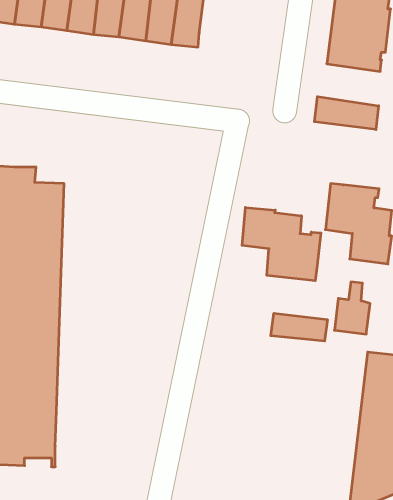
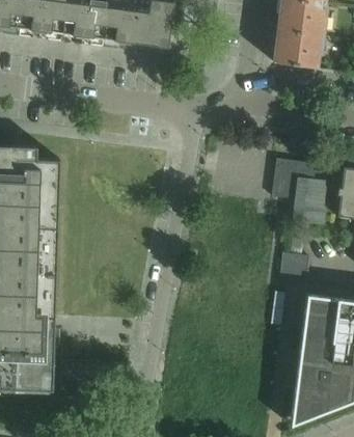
building: [314,97,379,130] -> none
building: [242,207,321,281] -> none
building: [271,313,327,341] -> none

